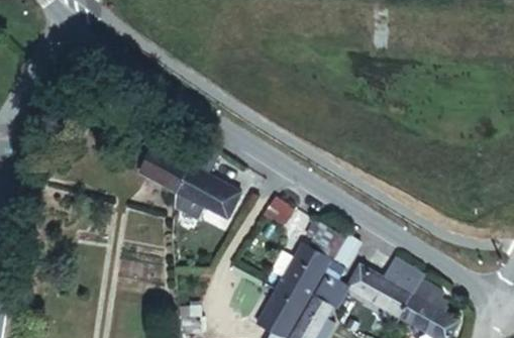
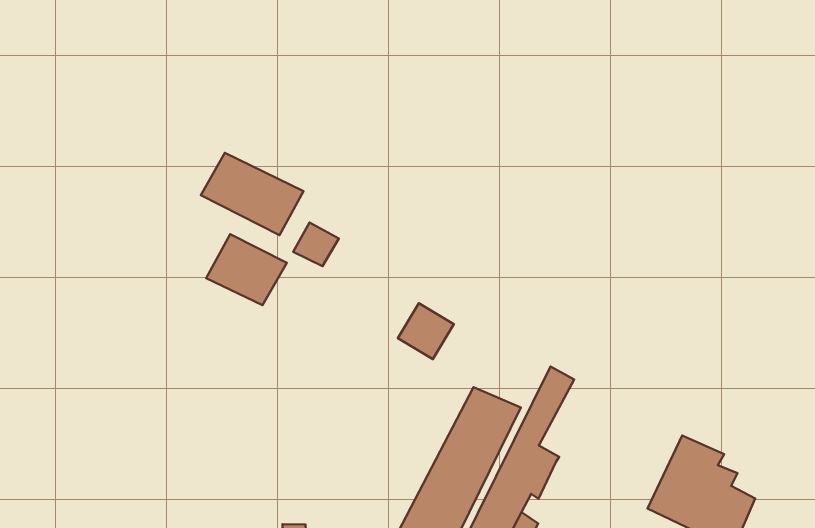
building: [185,167,243,216] -> [201,153,304,235]
building: [345,255,421,319] -> none

